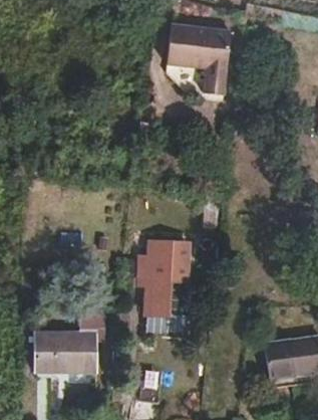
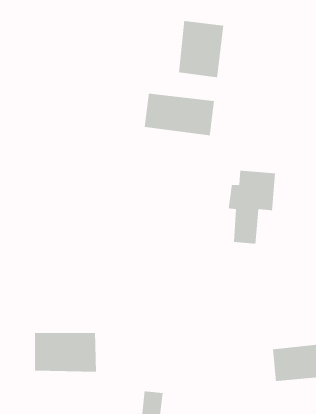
building: none -> [144,93,215,136]
building: [141,242,188,313] -> [228,170,276,244]

